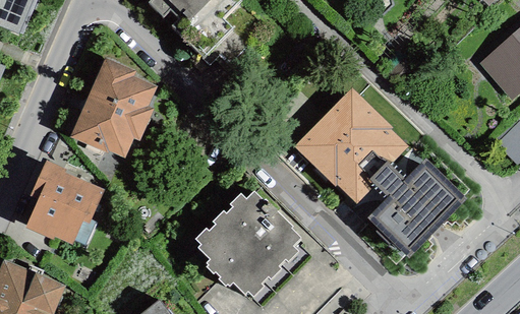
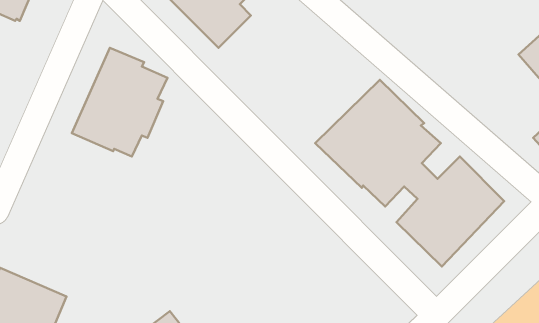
building: [24,161,103,244] -> none
building: [195,191,300,296] -> none

